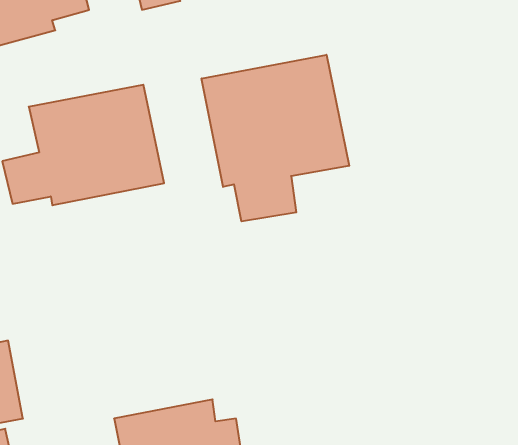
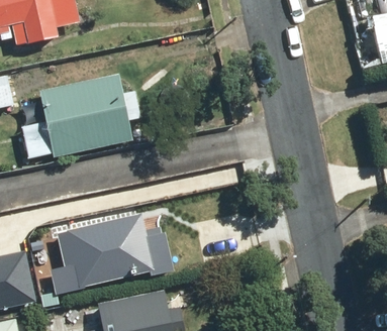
building: [202,55,349,221] -> none
building: none -> [54,214,174,296]

